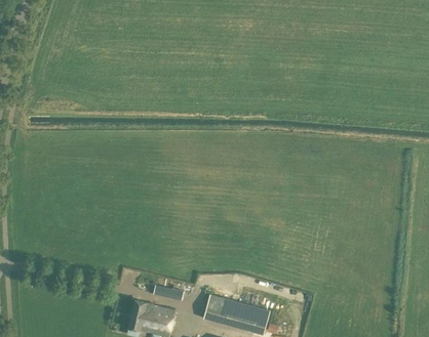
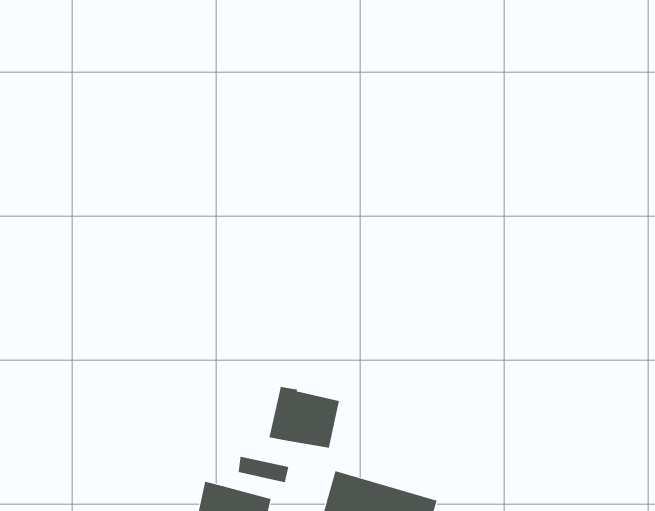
building: none -> [269,386,340,448]

